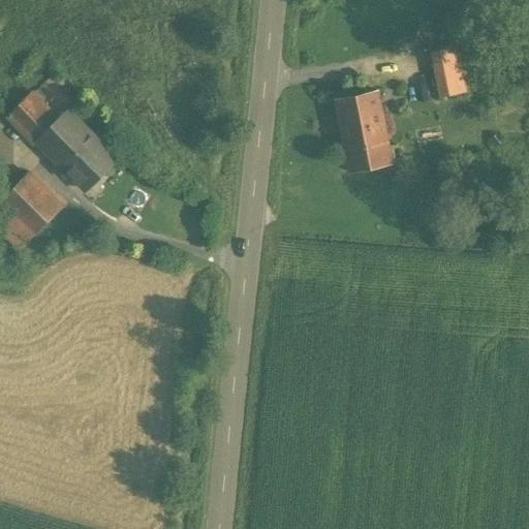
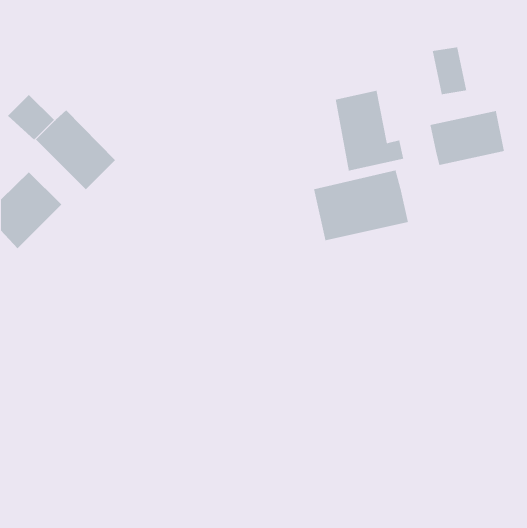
building: none -> [429,110,505,166]
building: none -> [313,170,409,241]

